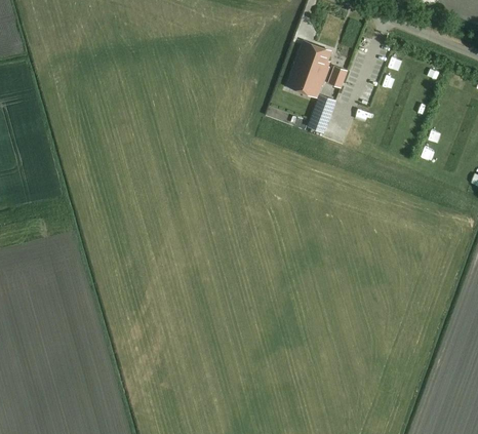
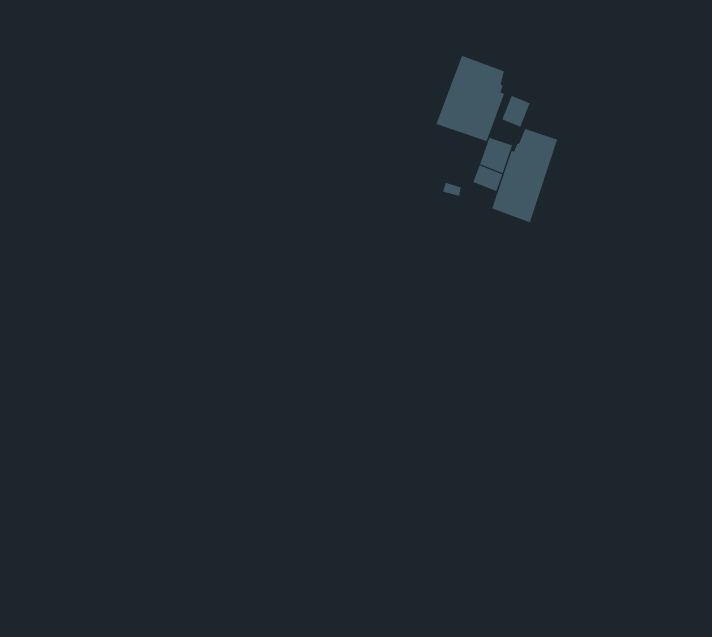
building: none -> [492,128,558,223]

